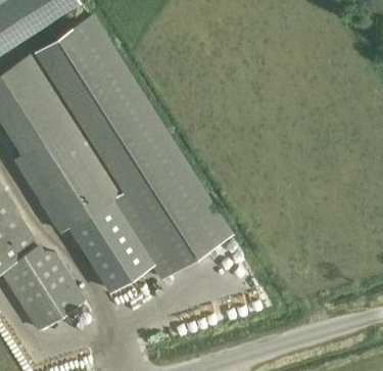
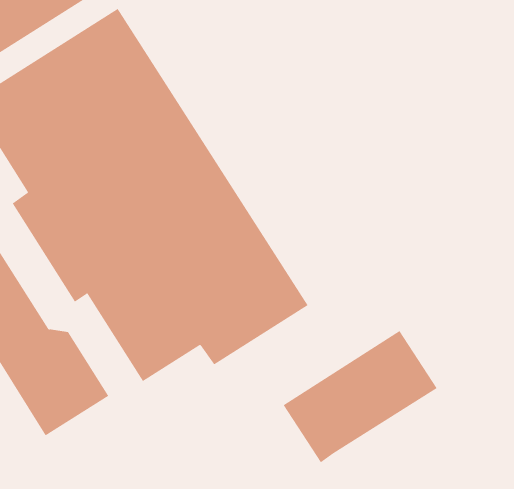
building: none -> [283,330,437,463]

